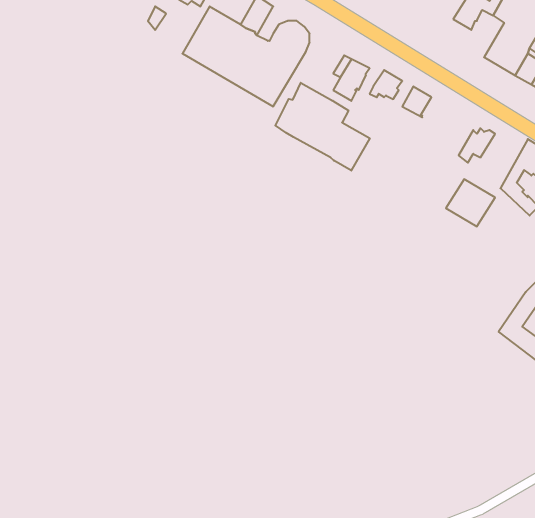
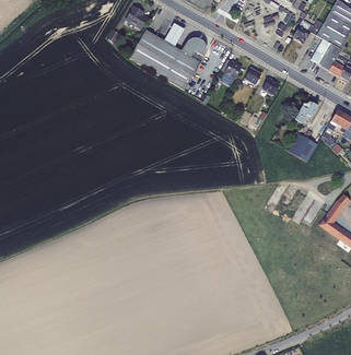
building: [275,83,370,171] -> none

